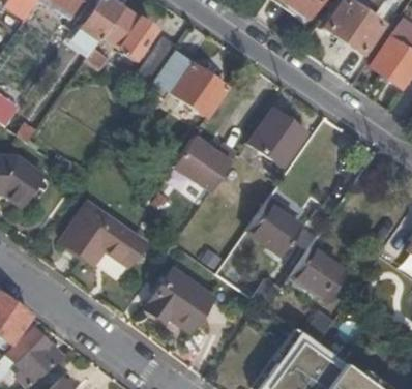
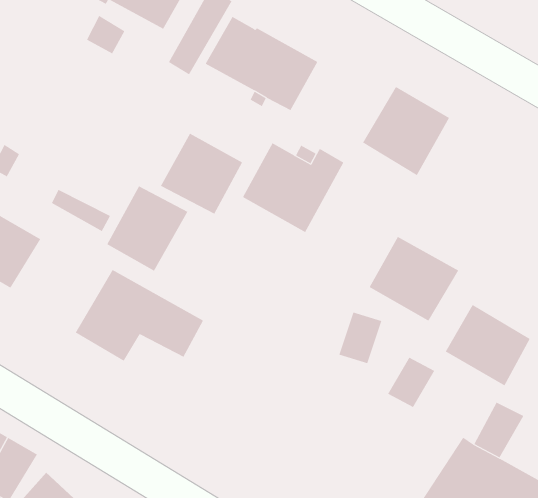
building: none -> [160,133,243,215]
building: none -> [107,185,188,271]
building: [145,270,210,331] -> none

